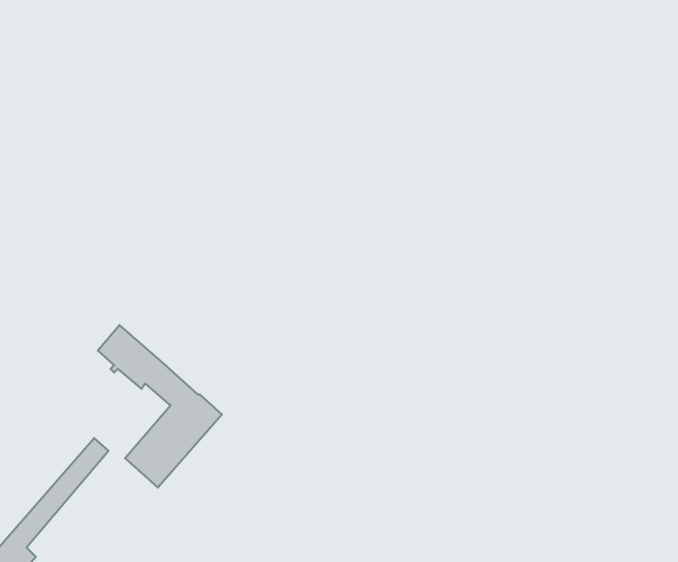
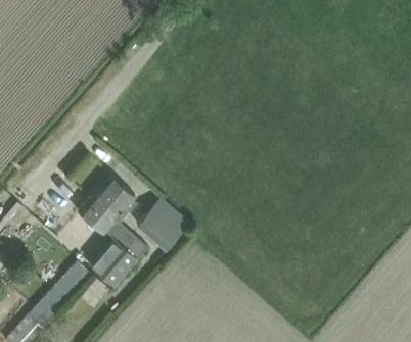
building: none -> [90,174,134,218]
building: none -> [136,203,182,249]

